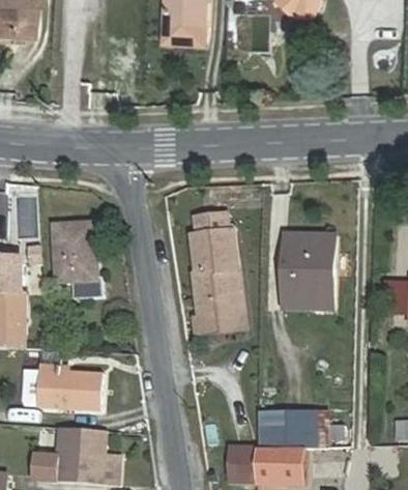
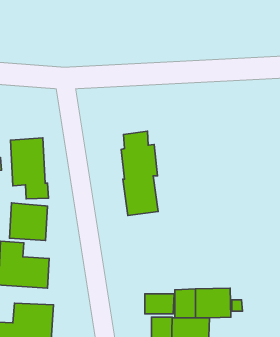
building: [283,234,332,306] -> none
building: none -> [9,203,47,240]
building: none -> [145,294,174,314]

